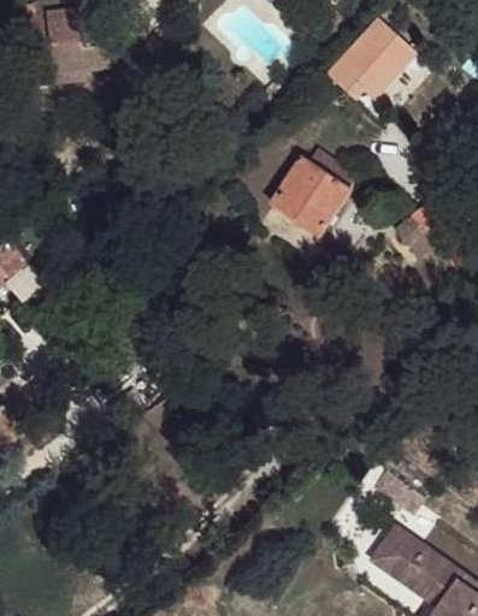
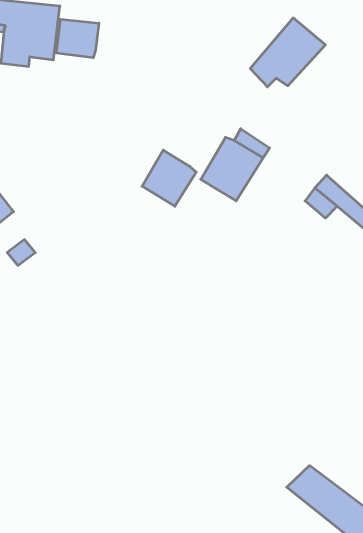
building: none -> [57,19,99,58]
building: none -> [142,150,196,206]

